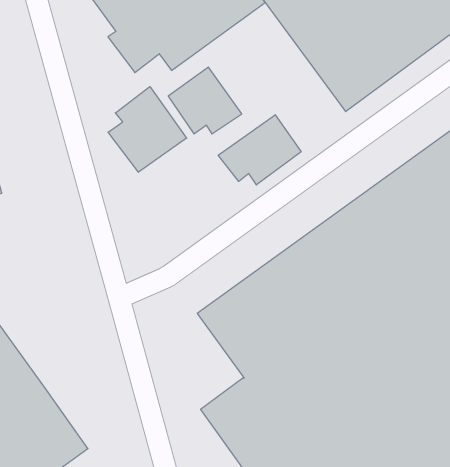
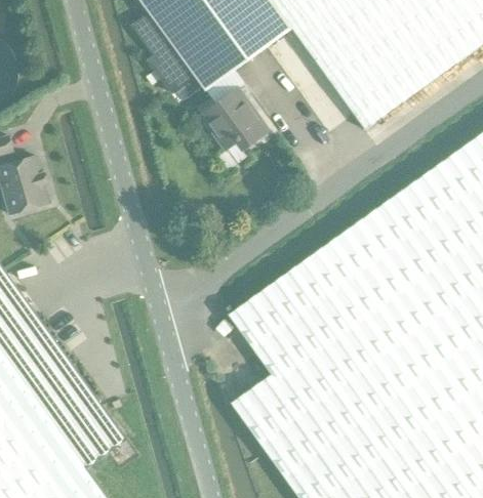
building: [108,87,187,172] -> none
building: [218,115,301,185] -> none

